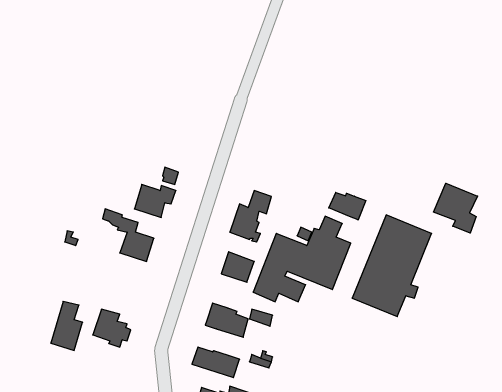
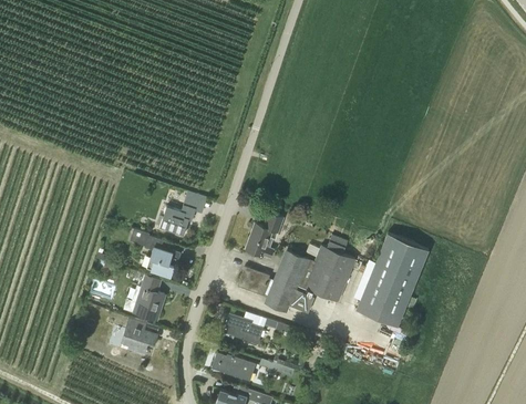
building: [434,183,478,233] -> none
building: [329,192,366,220] -> none
building: [51,301,83,350] -> [135,276,164,320]

